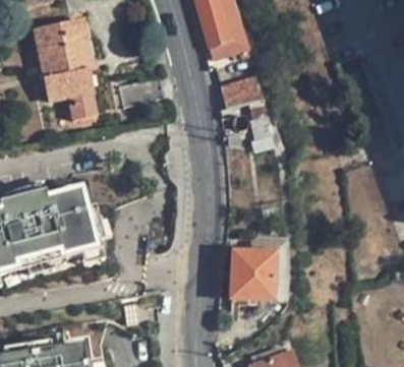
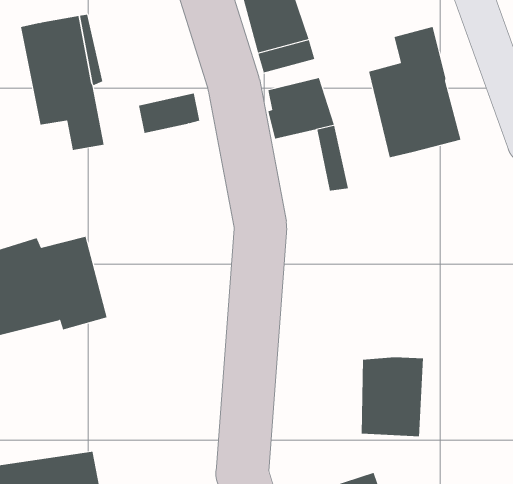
building: none -> [368,26,461,158]
building: [232,245,278,303] -> [361,357,424,437]

